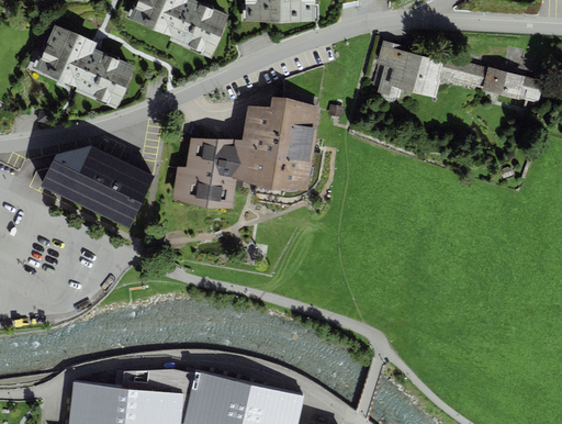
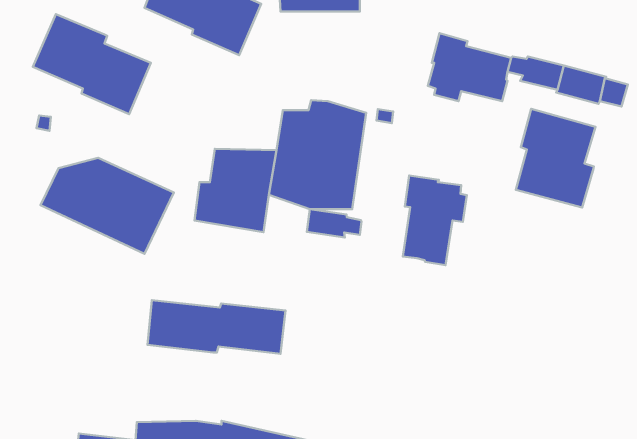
building: none -> [516,109,595,208]
building: none -> [403,175,467,265]
building: none -> [307,209,362,238]
building: none -> [148,300,286,354]

